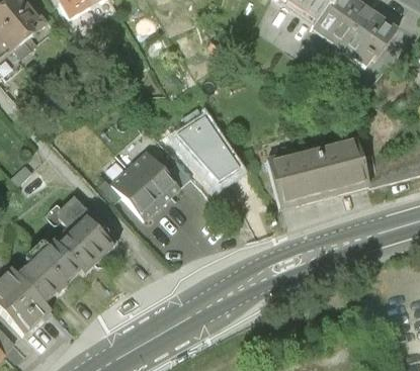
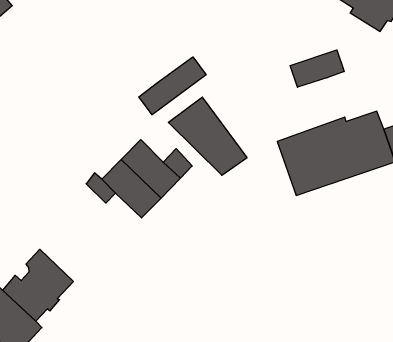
building: none -> [139,57,206,115]
building: none -> [290,50,344,87]
building: [53,193,117,273] -> none

